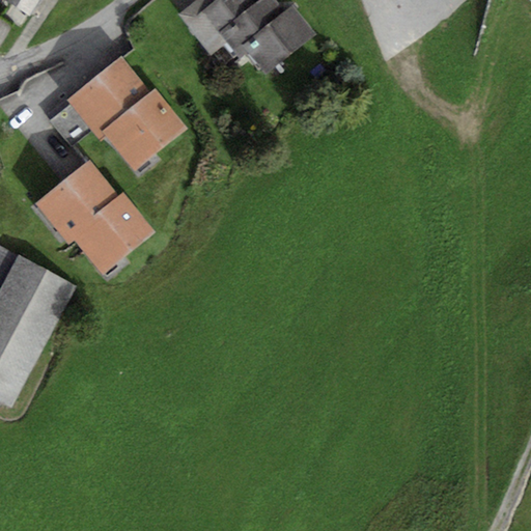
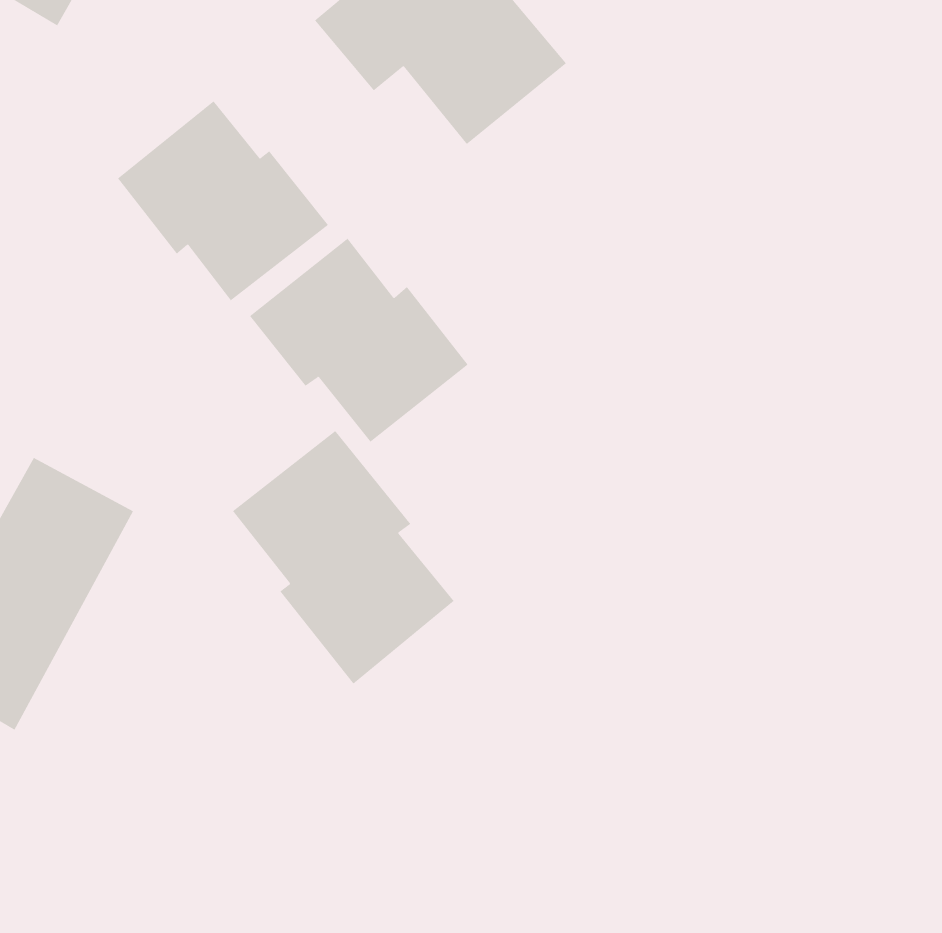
building: [33,160,156,274] -> [249,238,469,442]
building: none -> [232,430,455,685]

